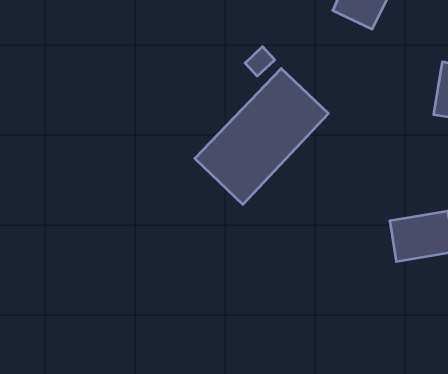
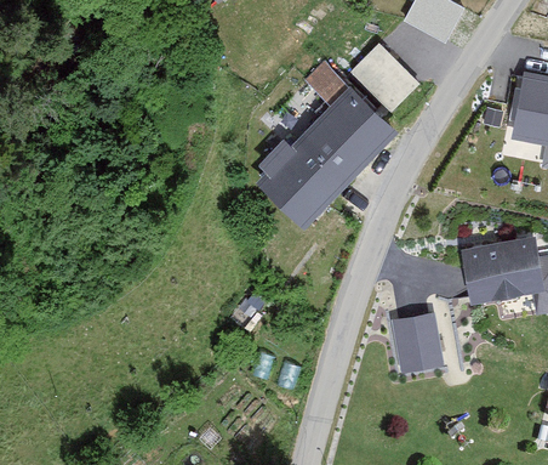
building: none -> [350,39,421,108]
building: none -> [395,317,439,369]

